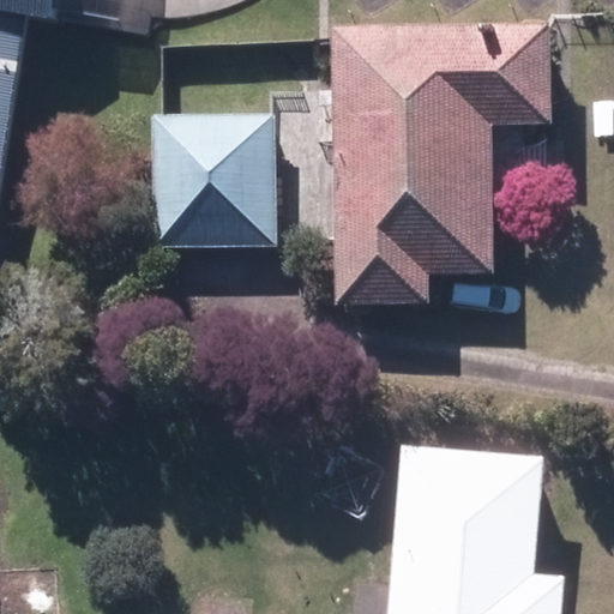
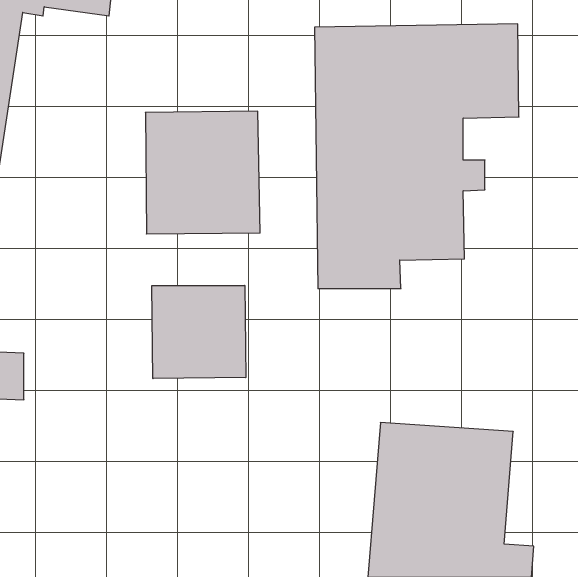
building: none -> [152,285,246,379]

